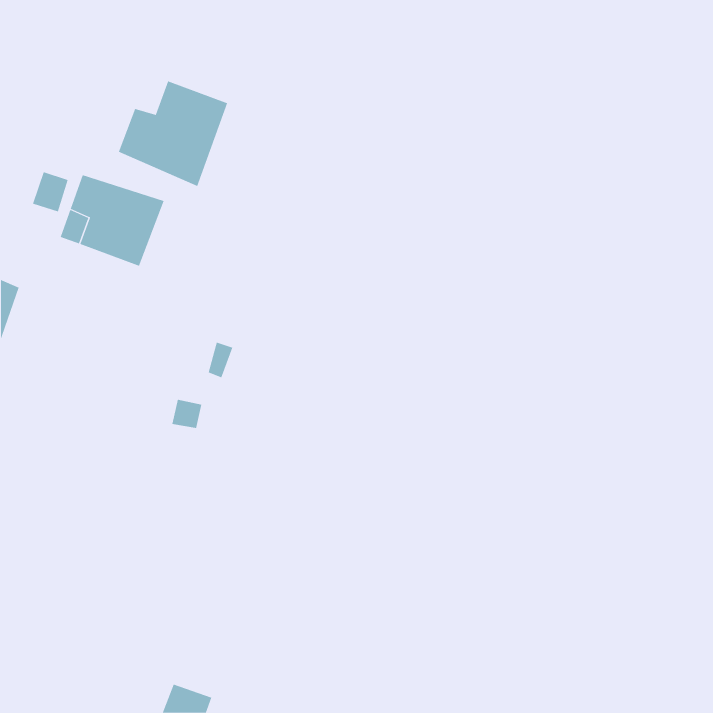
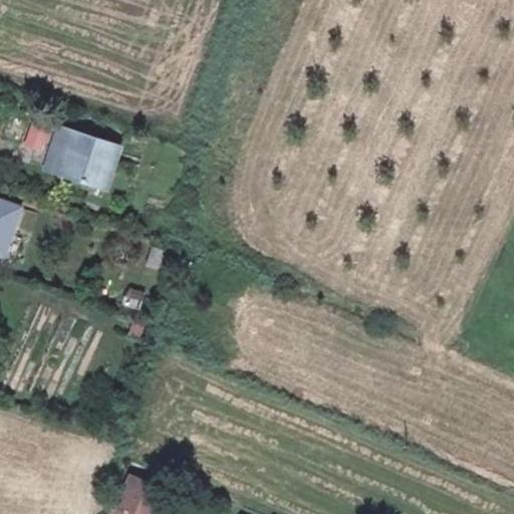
building: [118,81,228,187] -> none

